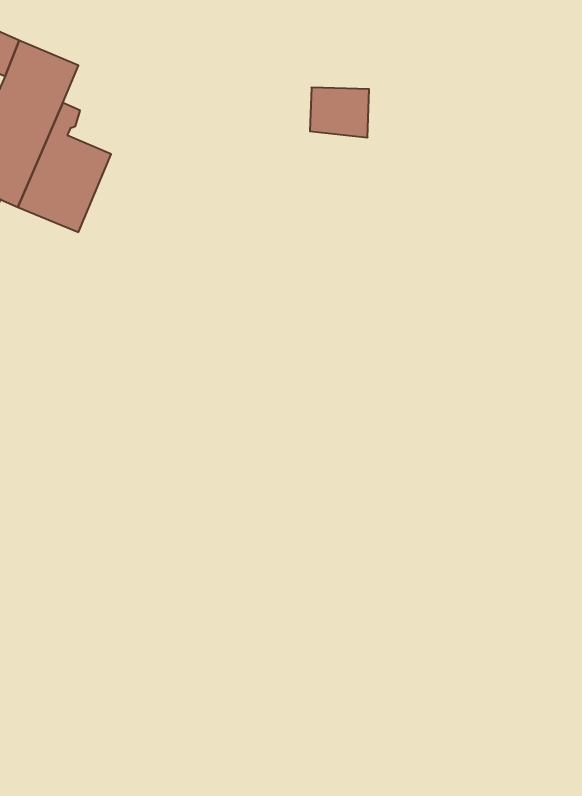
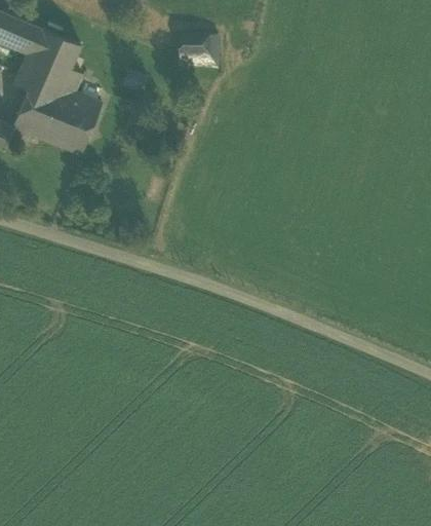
building: [310,88,369,137] -> [174,33,213,66]

